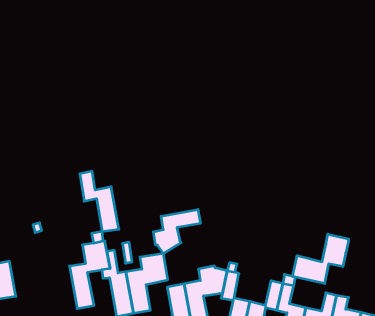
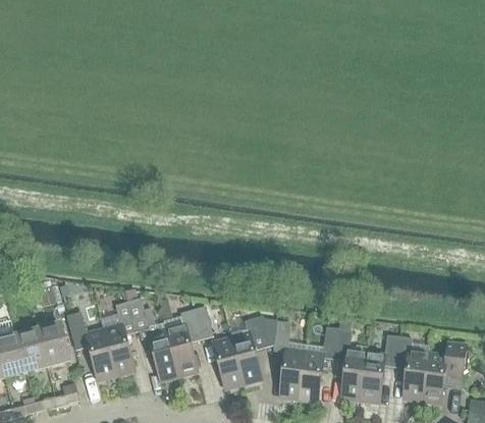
building: [80,171,119,232] -> [67,314,115,379]
building: [153,209,200,253] -> none
building: [293,234,349,284] -> none
building: none -> [37,324,68,367]

